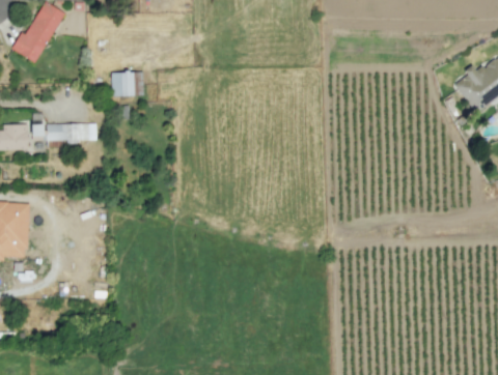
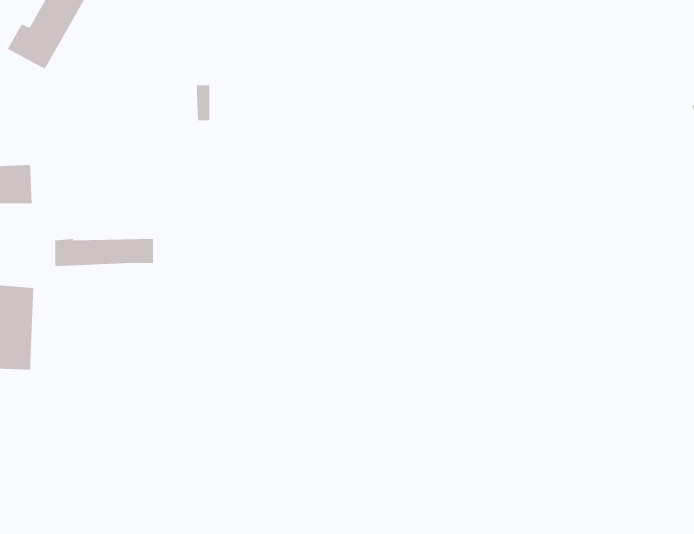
building: [111,71,133,96] -> none
building: [31,123,95,142] -> [55,238,154,267]

